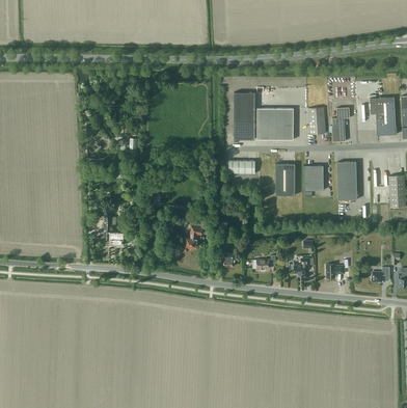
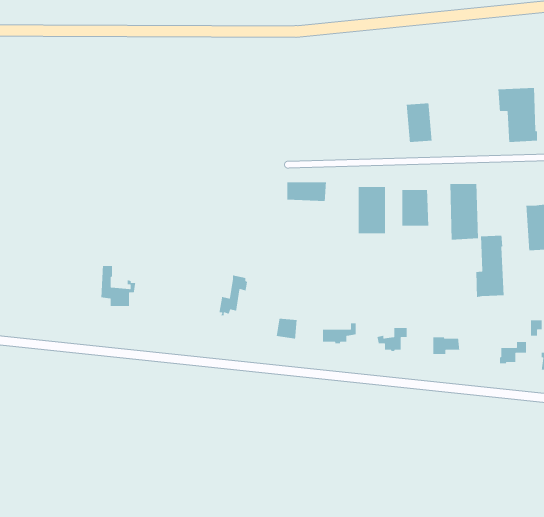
building: [234,91,294,139] -> none
building: [329,107,350,141] -> none
building: none -> [476,235,504,298]

